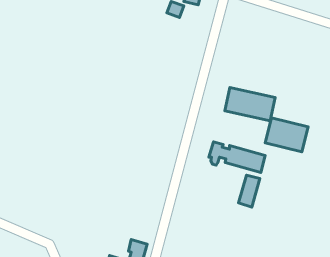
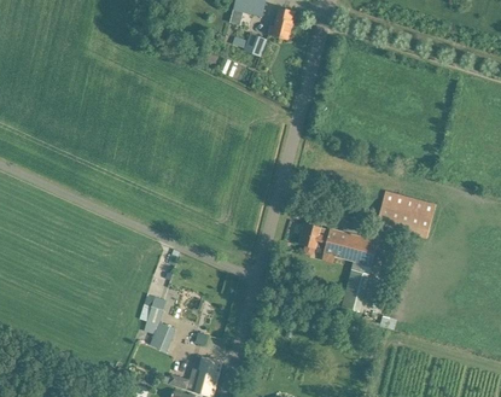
building: [225,87,275,121] -> none
building: none -> [146,296,176,351]

